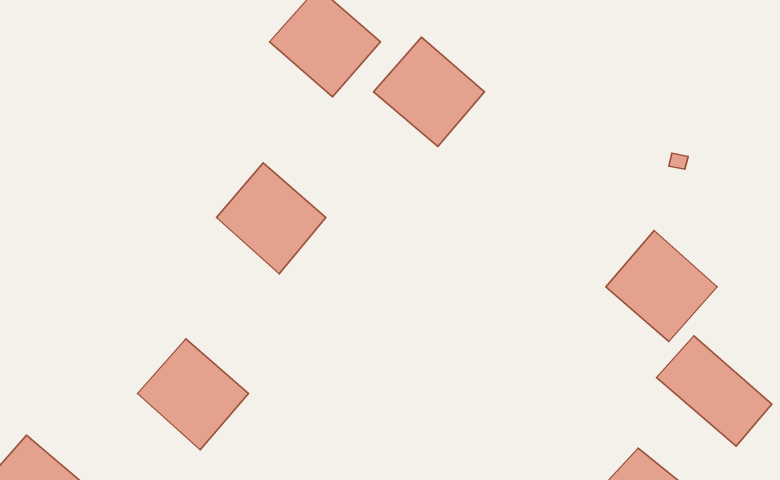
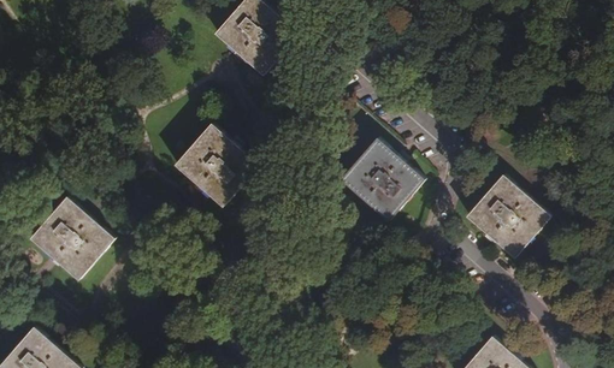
building: [373,37,484,147] -> [341,138,424,220]
building: [657,336,772,446] -> none
building: [138,339,249,450] -> [31,197,114,280]

